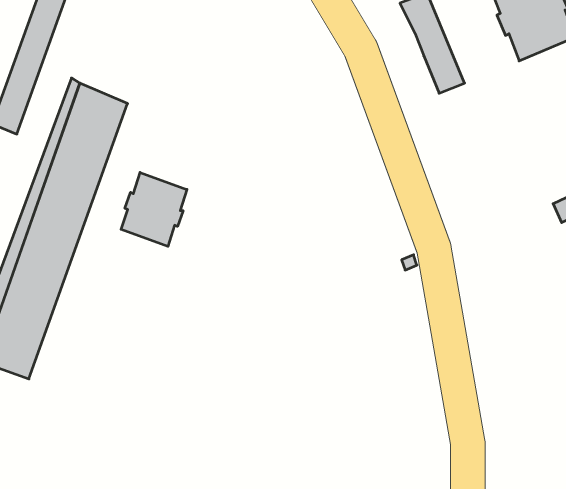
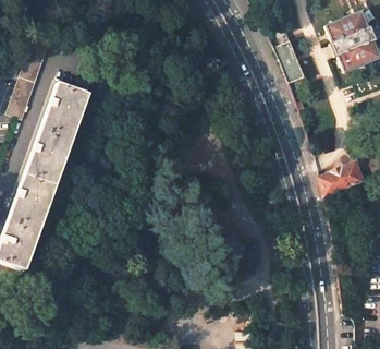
building: [121,172,187,246] -> none
building: none -> [319,163,360,195]

